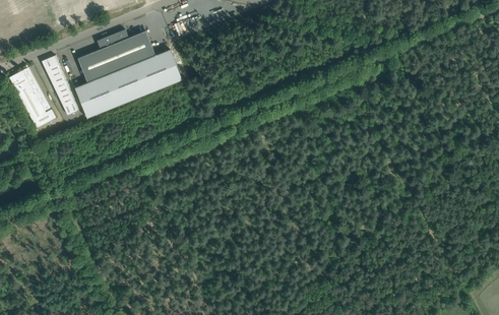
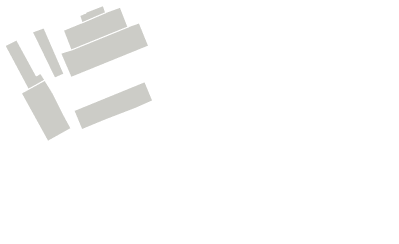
building: none -> [21,80,71,142]
building: none -> [74,82,153,130]

